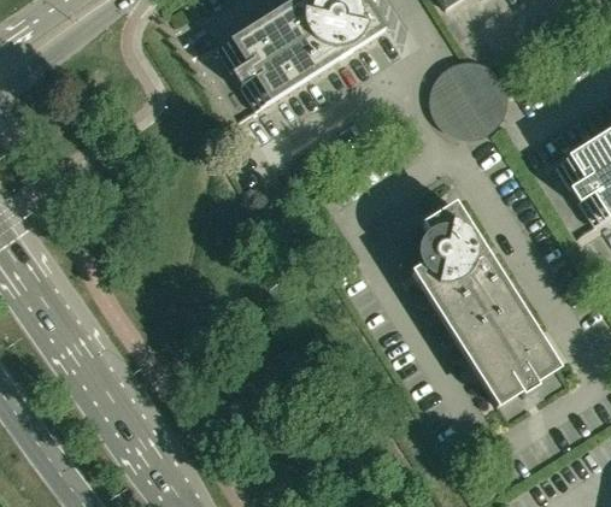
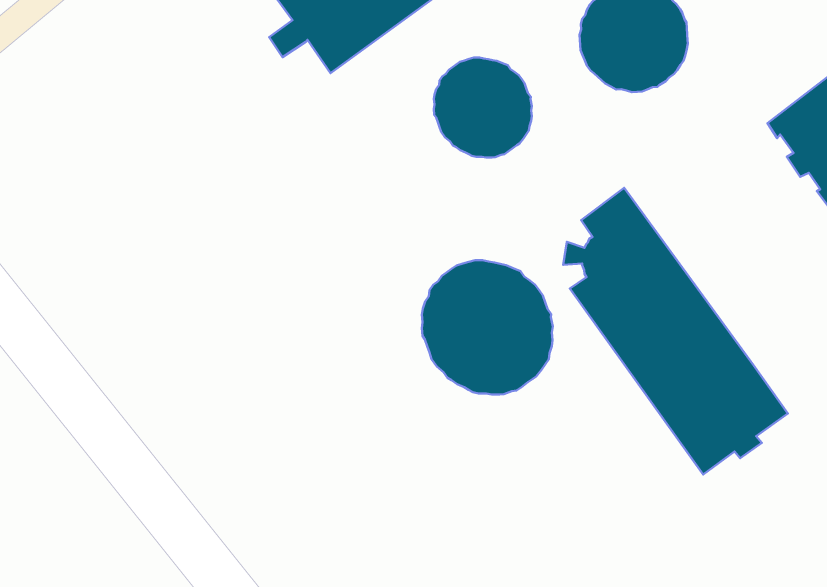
building: none -> [434,58,532,158]
building: none -> [422,260,553,395]

